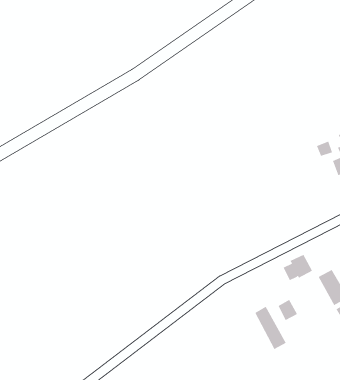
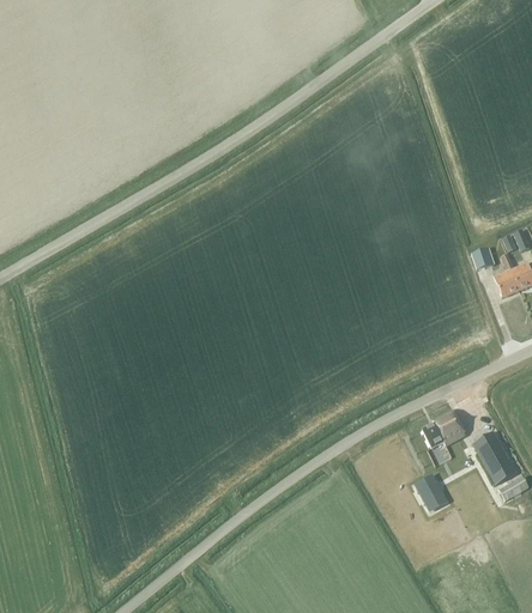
building: [254,306,287,350] -> none

